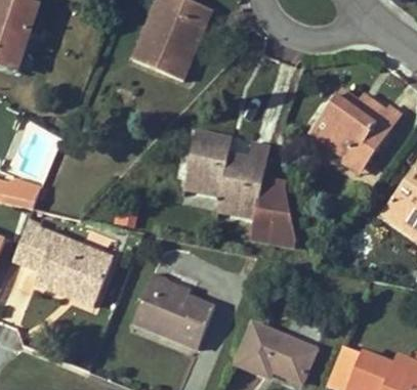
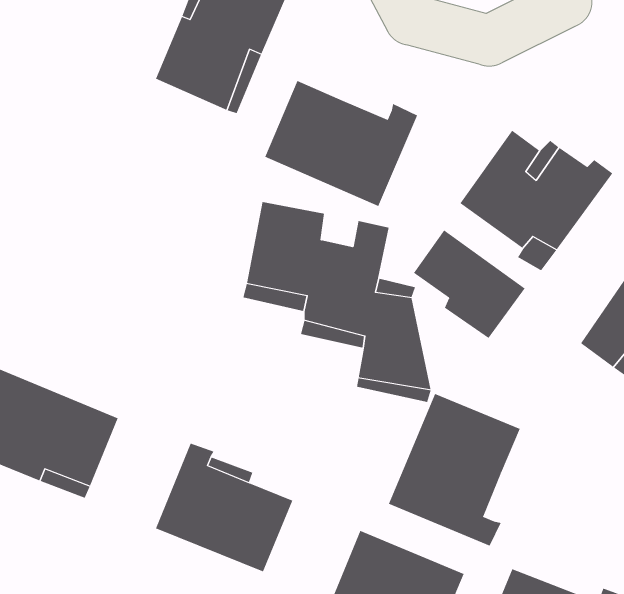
building: none -> [265,80,418,207]
building: none -> [413,229,526,339]
building: none -> [388,393,521,547]

